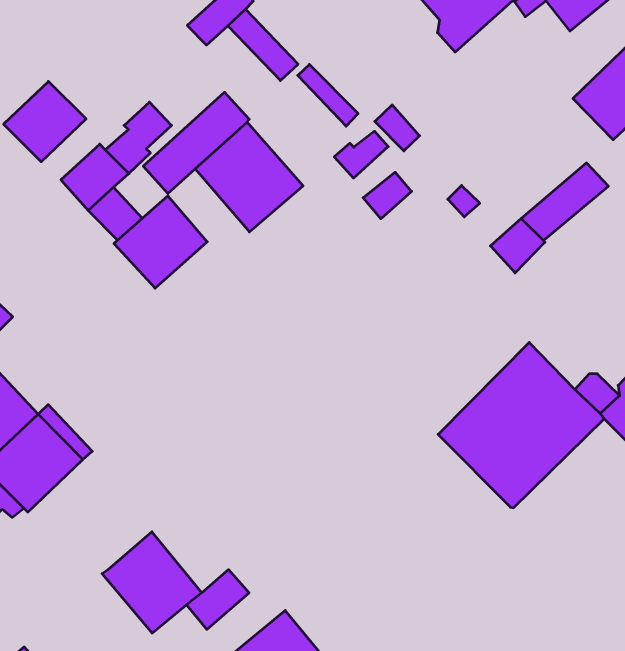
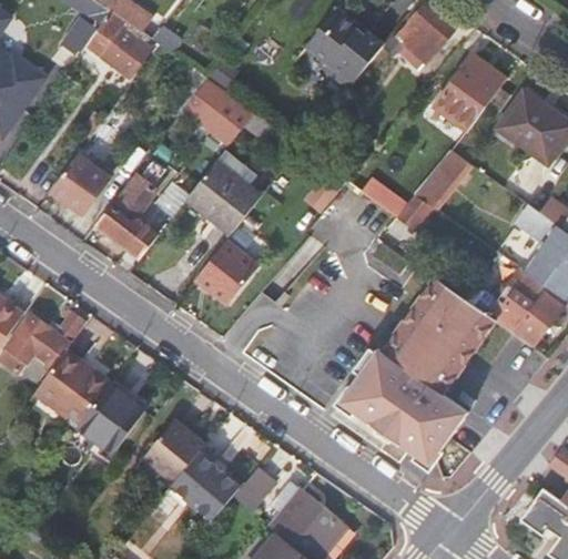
building: [114,196,207,288] -> [195,242,258,306]
building: none -> [342,349,468,465]
building: none -> [144,423,203,482]

